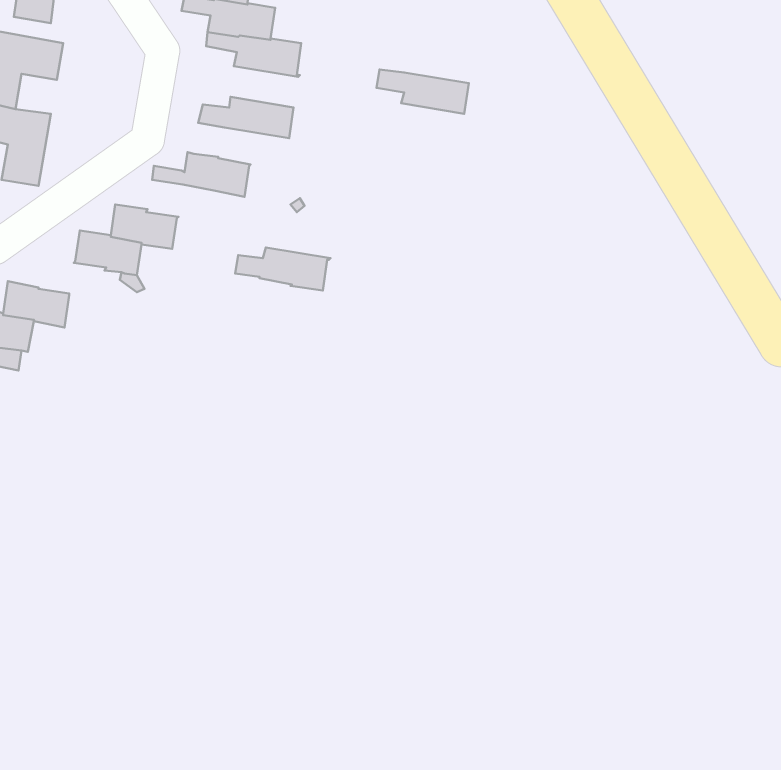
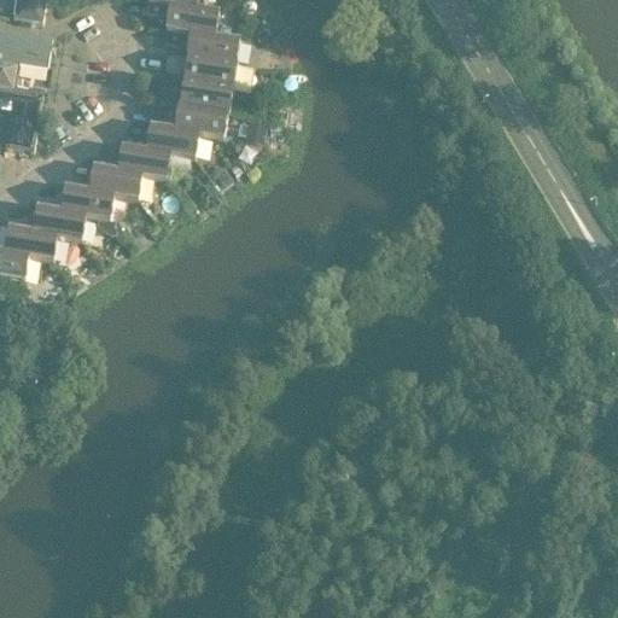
building: [376,69,469,114] -> [162,49,234,84]
building: none -> [115,141,168,175]
building: [235,247,330,291] -> [152,100,227,134]
building: none -> [30,202,83,237]

